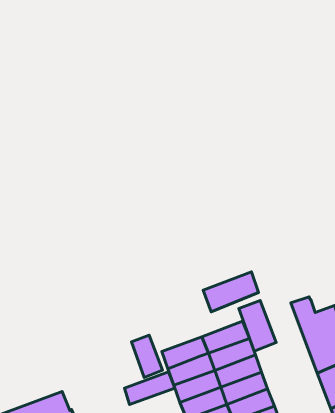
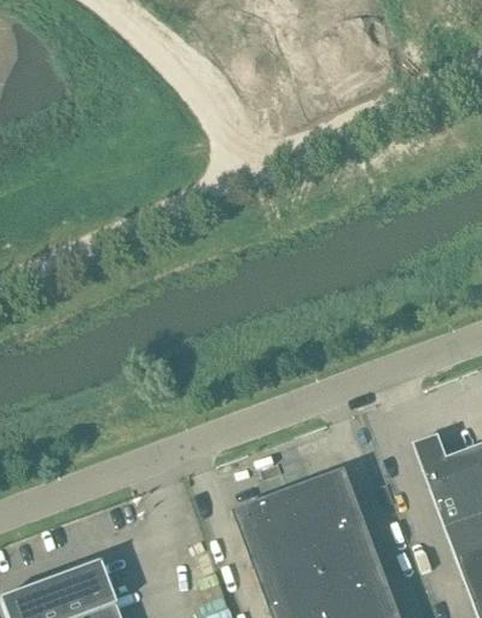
building: [203,272,259,312] -> none
building: [239,301,276,351] -> none
building: [132,335,163,377] -> none
building: [124,372,175,404] -> none

